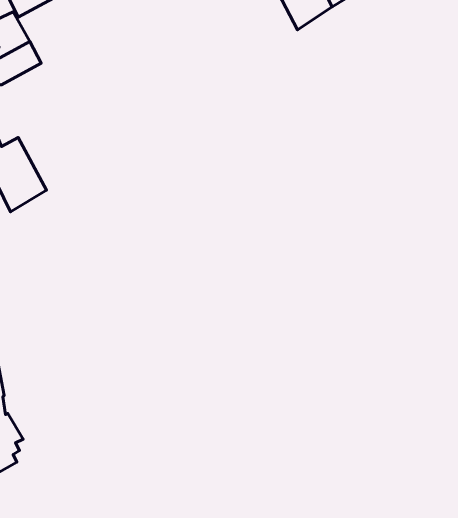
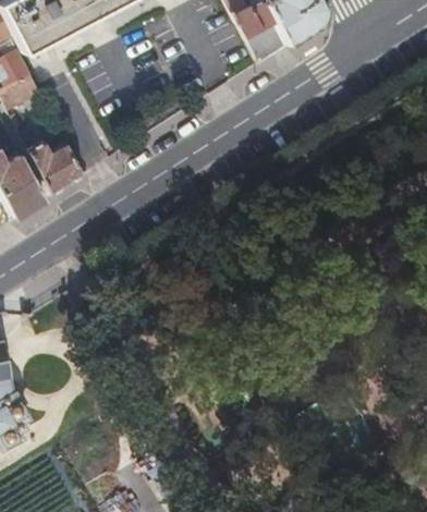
building: none -> [23,136,81,192]

